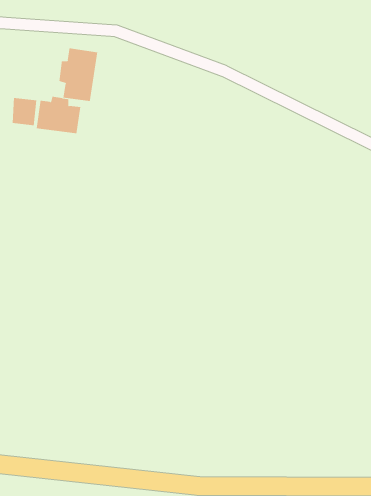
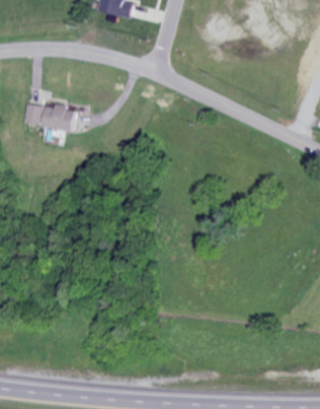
building: [59,48,98,102] -> none

